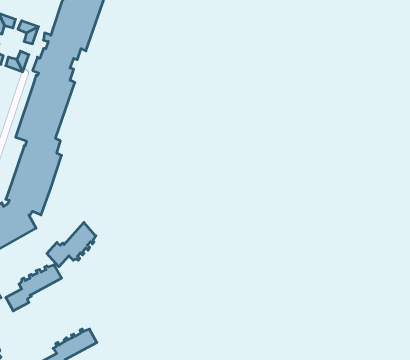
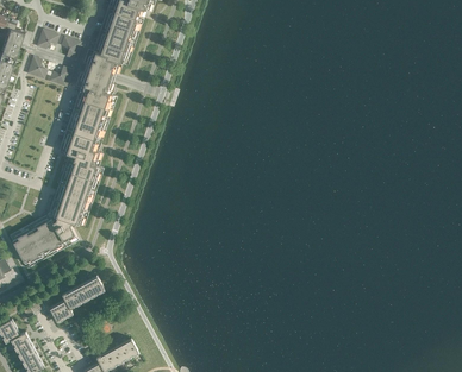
building: [47,222,96,267] -> none

